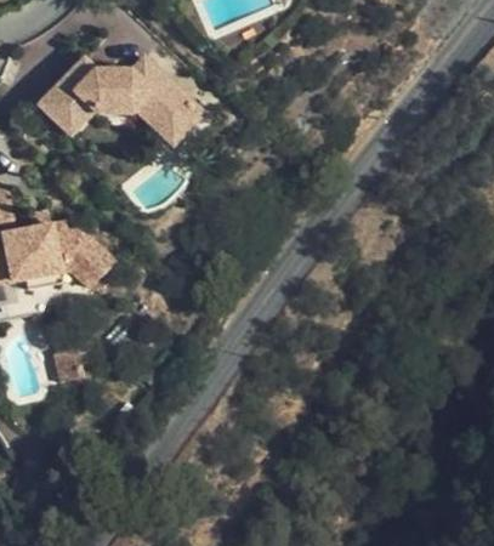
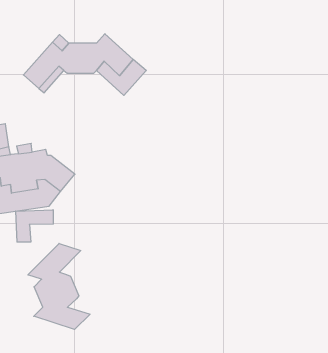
building: none -> [16,210,53,242]
building: none -> [28,243,90,329]

